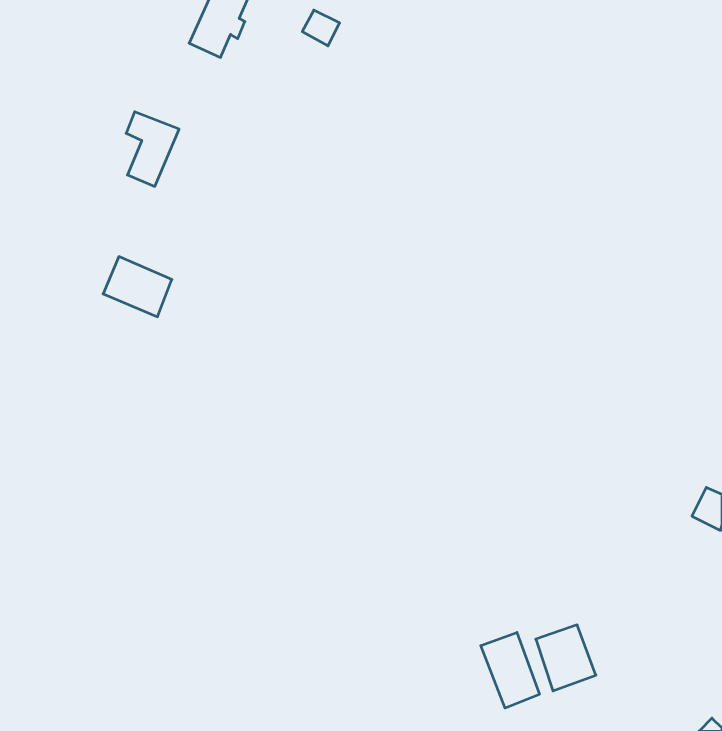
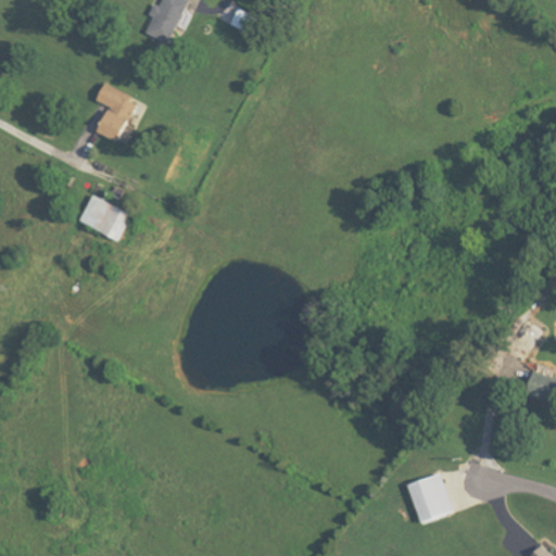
building: [481,632,539,708] -> none

